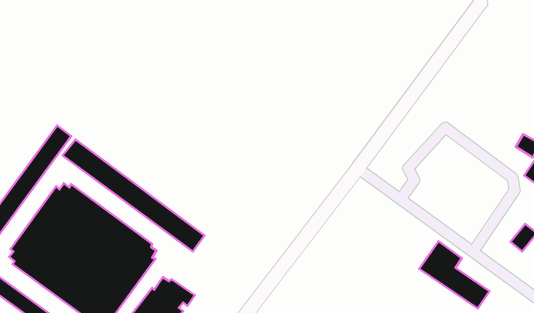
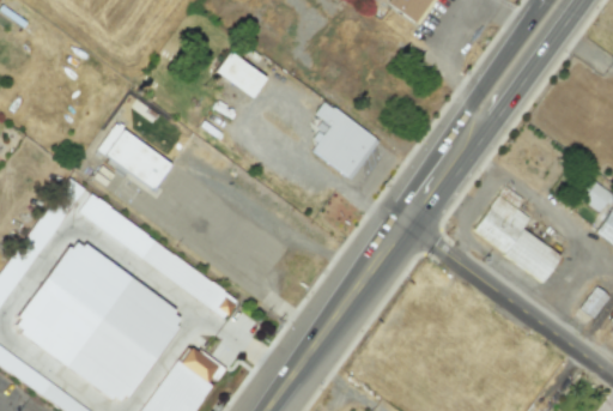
building: none -> [217,54,271,102]
building: none -> [315,101,376,175]
building: none -> [105,128,171,189]
building: [419,241,490,308] -> [485,204,564,279]

